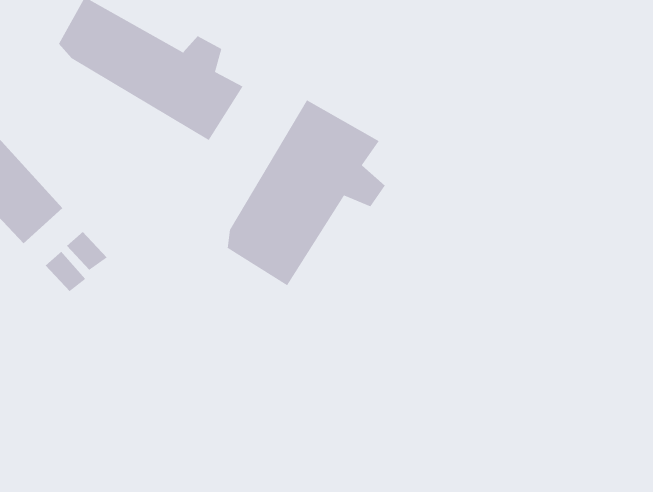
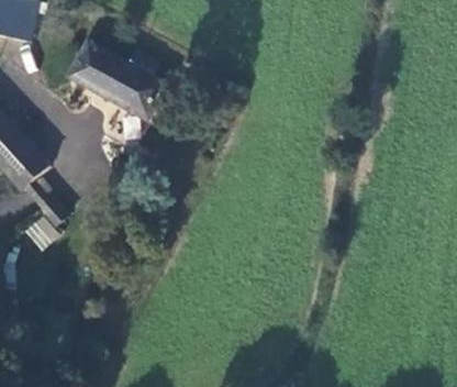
building: [227,100,385,286] -> none

